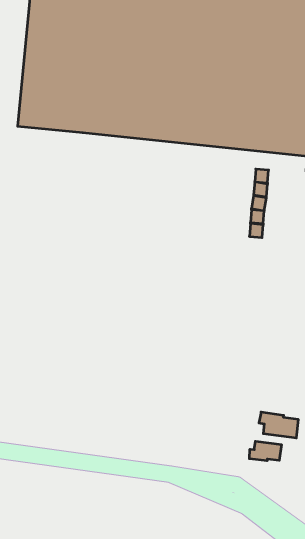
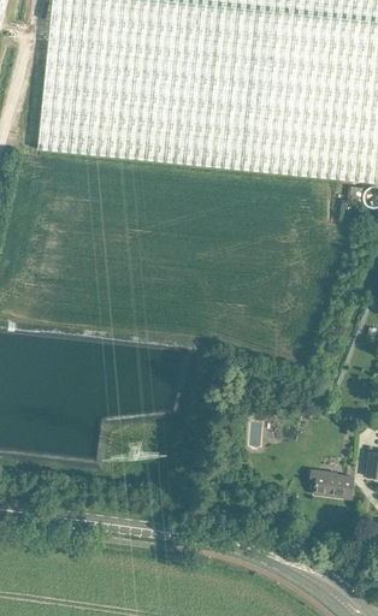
building: [249,441,281,461] -> none

